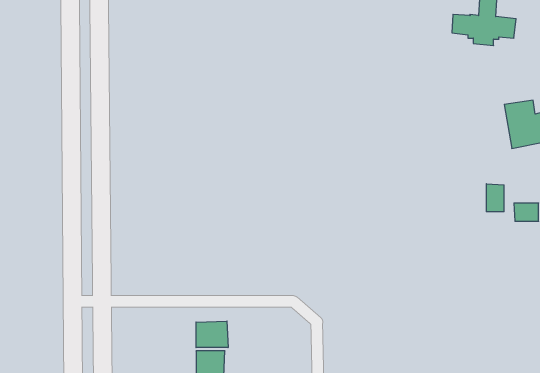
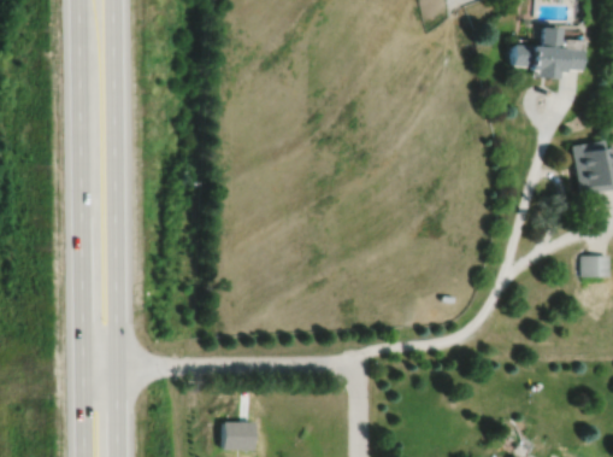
building: [486,184,504,212] -> none
building: [196,321,228,348] -> none

